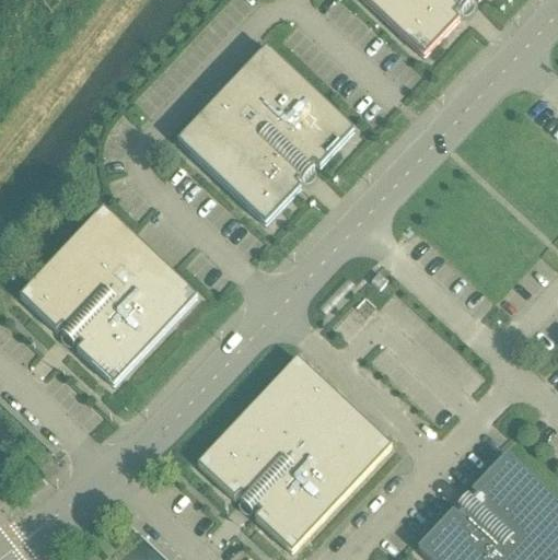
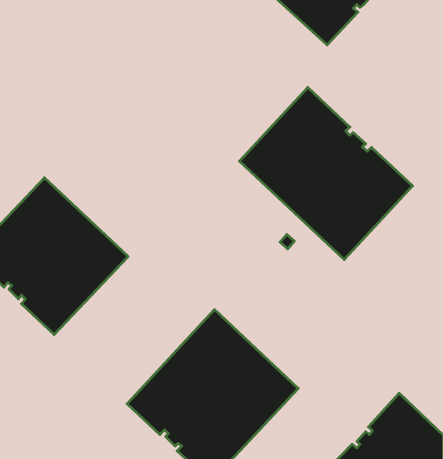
building: [176,44,354,222] -> none
building: none -> [239,87,413,260]

